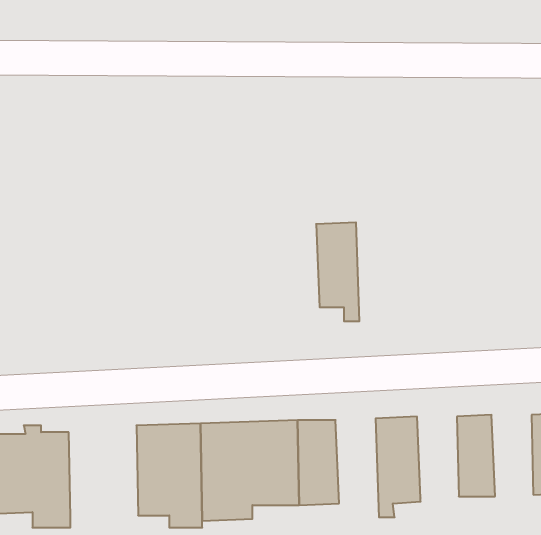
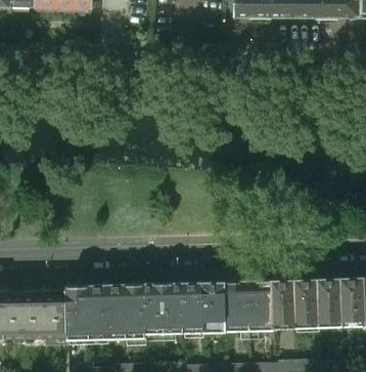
building: [316,222,359,321] -> [225,281,250,339]
building: none -> [317,279,341,327]
building: none -> [273,280,298,328]
building: none -> [67,285,108,339]

